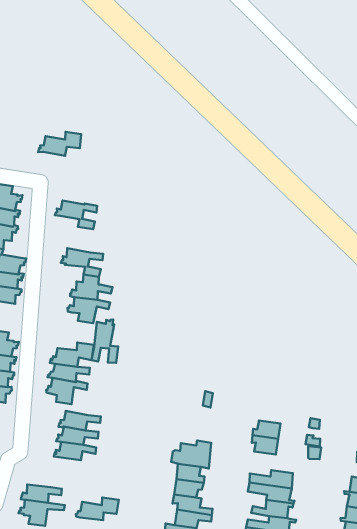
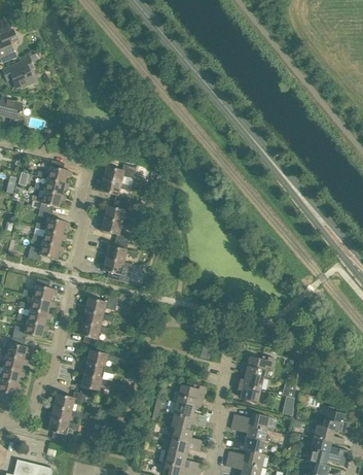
building: [38,132,81,156] -> [99,164,135,183]
building: none -> [100,201,135,223]
building: [92,320,118,363] -> none
building: none -> [239,355,273,376]
building: [76,498,119,520] -> [49,392,85,410]

